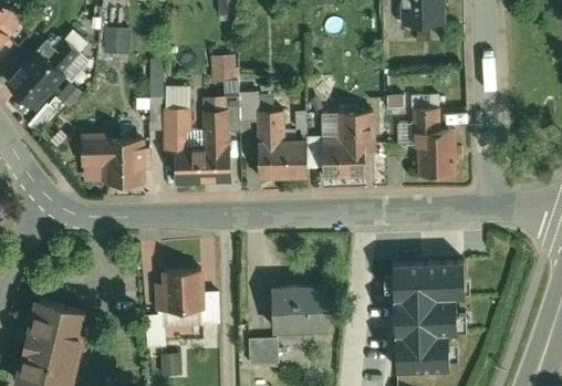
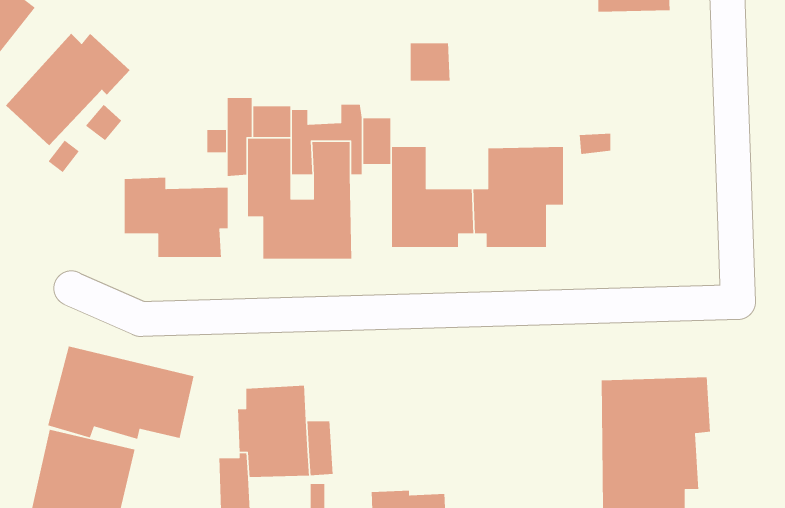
building: [104,29,132,58] -> none
building: [211,59,238,84] -> [410,42,451,81]
building: [408,108,455,178] -> none
building: none -> [47,346,195,440]
building: [274,280,324,330] -> none

